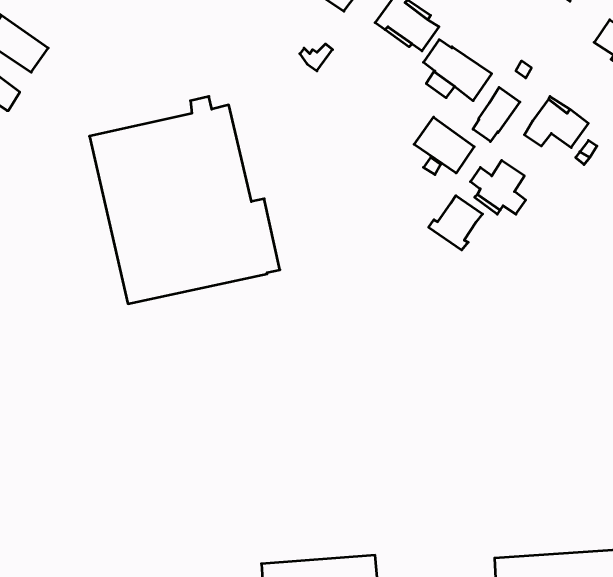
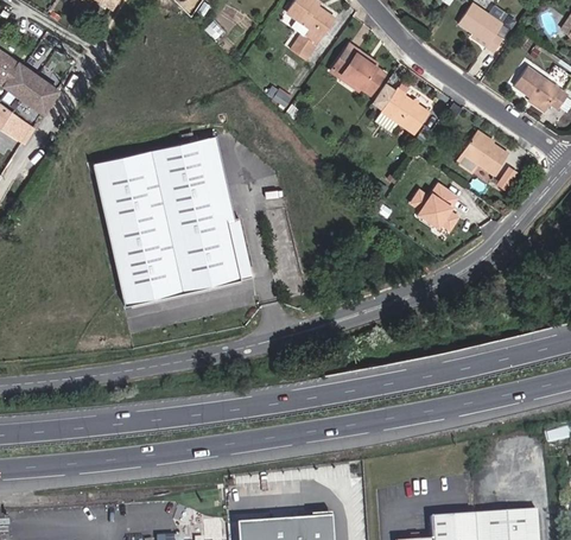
building: [473,87,520,142] -> none
building: [414,117,474,173] -> none
building: [429,196,483,250] -> none

